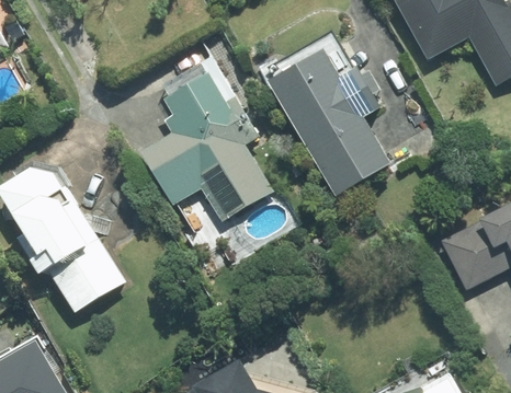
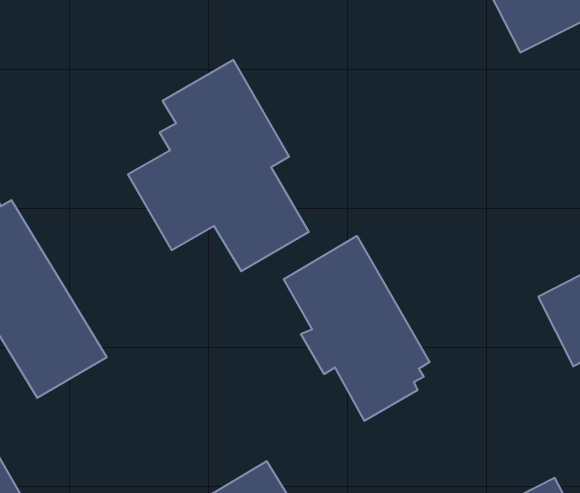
building: [263,34,393,198] -> none
building: none -> [284,236,430,421]

